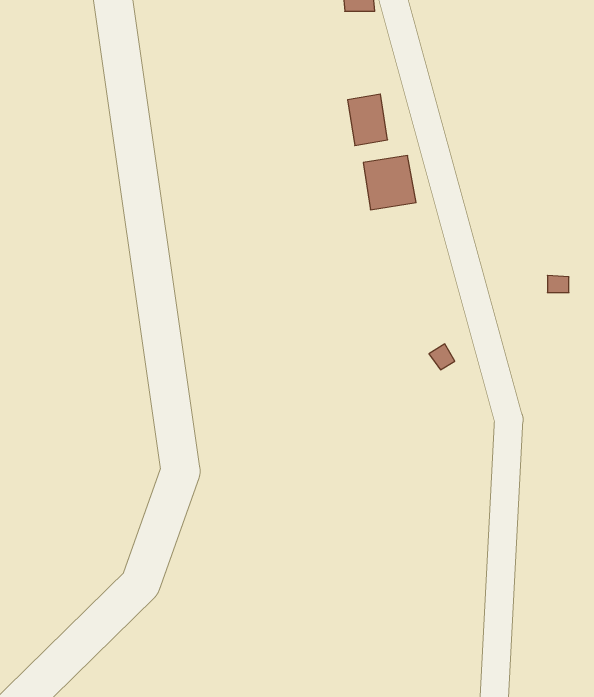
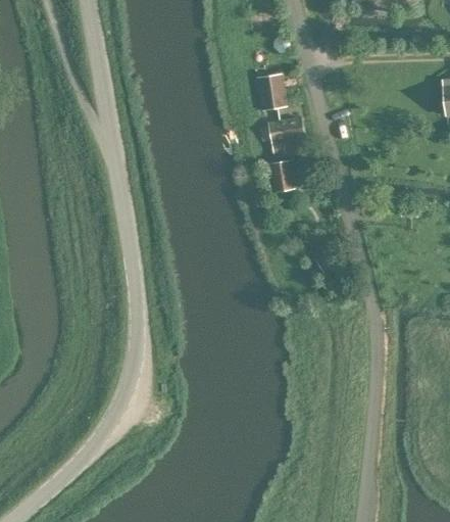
building: none -> [270,158,294,190]

